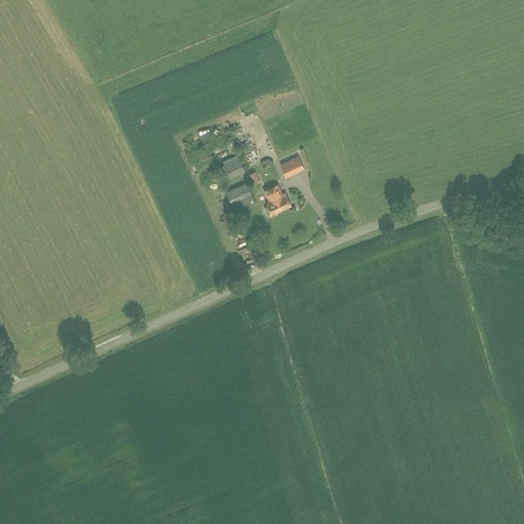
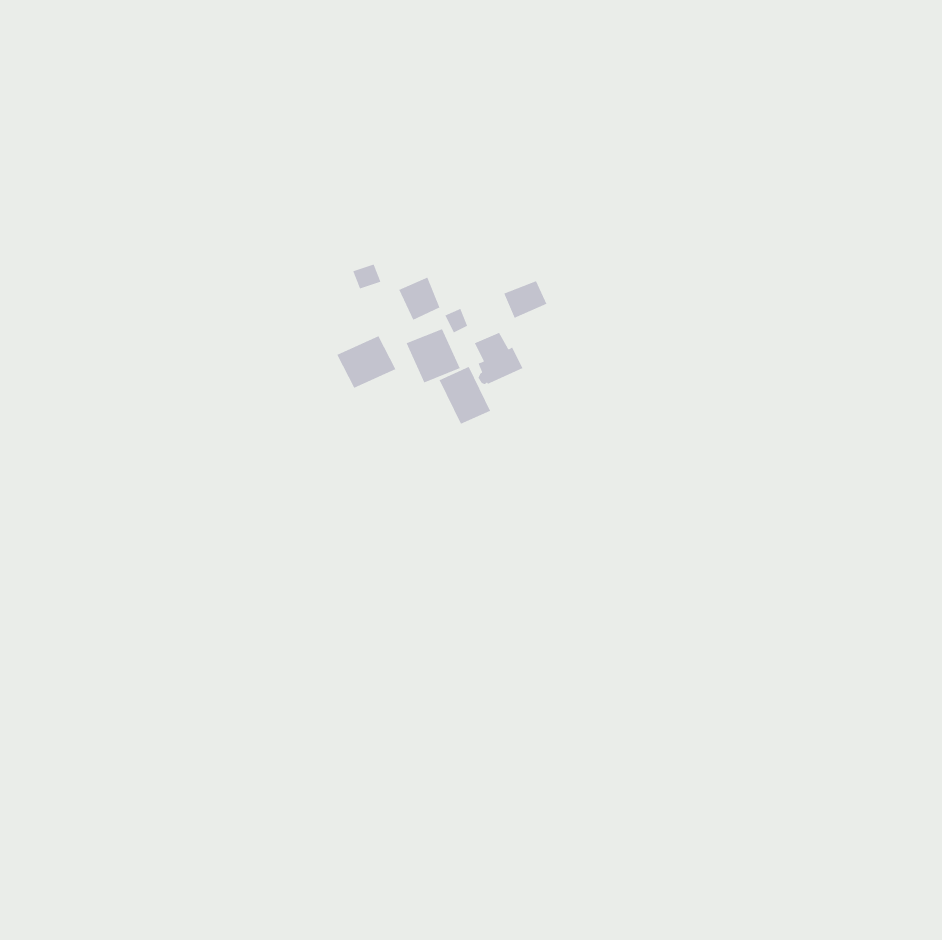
building: none -> [336,335,396,389]
building: none -> [438,366,491,425]

